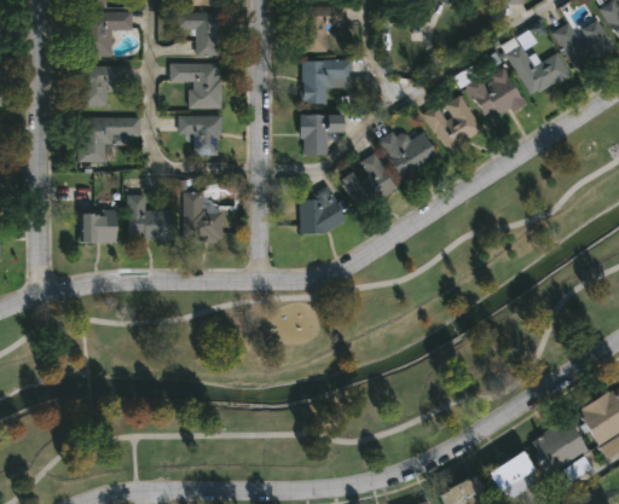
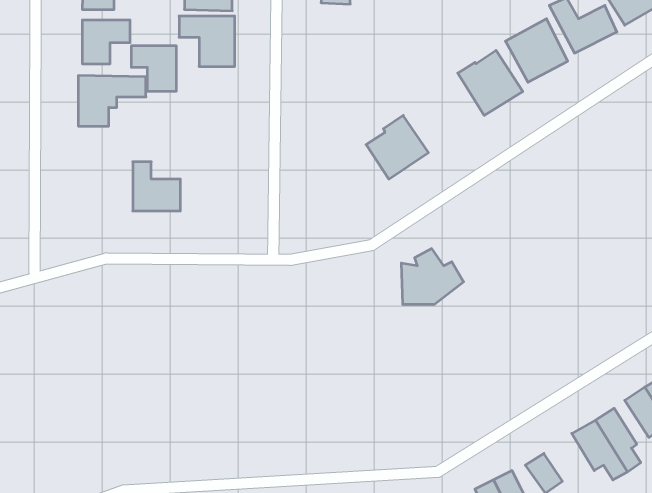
building: [303,59,353,103] -> none
building: [180,115,221,156] -> [131,46,176,91]
building: [302,115,347,155] -> none
building: [381,128,440,179] -> none
building: [299,185,355,236] -> [401,249,464,304]
building: [185,192,222,242] -> none
building: [82,213,120,242] -> none
building: [504,450,538,486] -> none

